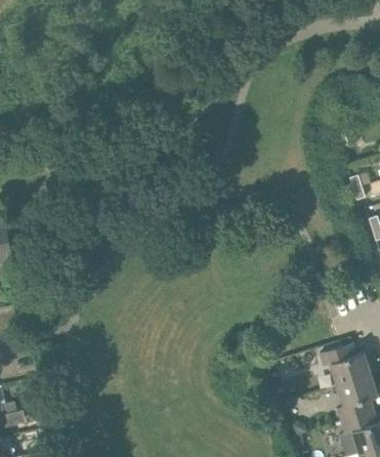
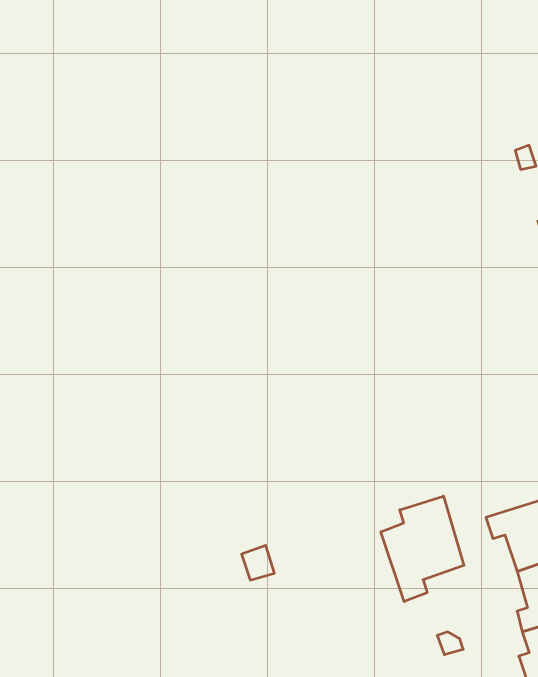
building: none -> [381,496,464,602]

